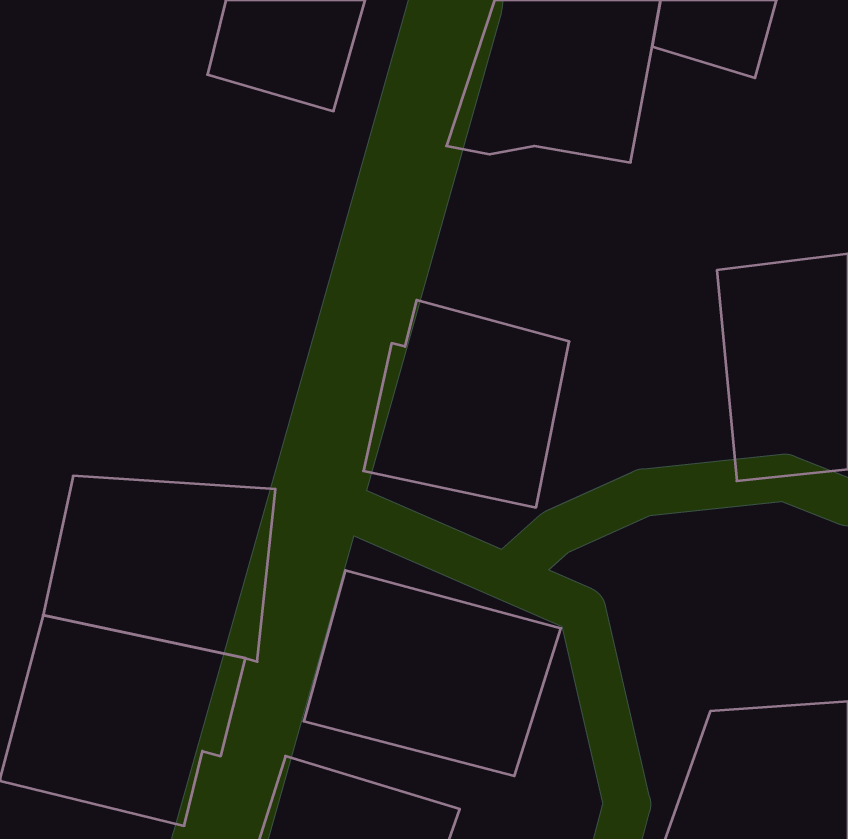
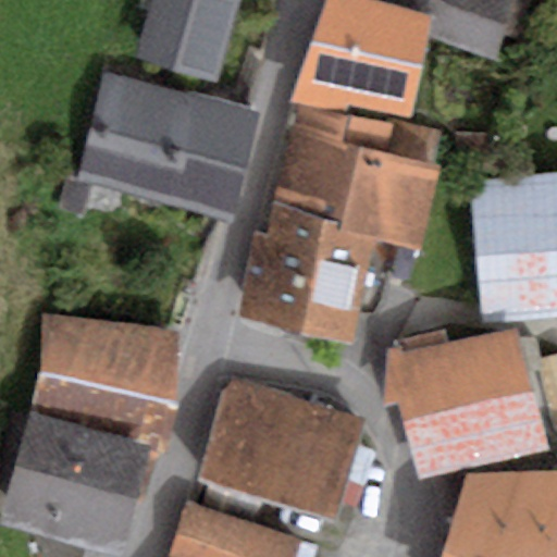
building: none -> [83,77,259,216]
building: none -> [273,107,444,242]
building: none -> [384,323,548,478]

